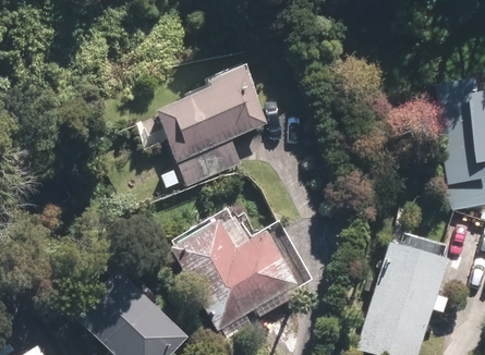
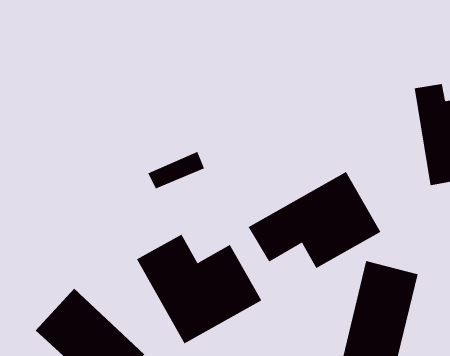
building: [159,68,267,158] -> none
building: none -> [248,171,381,269]

